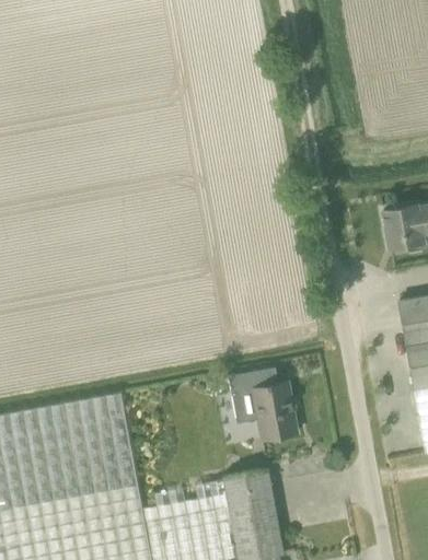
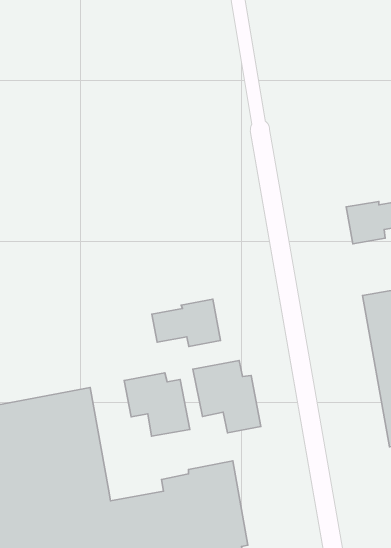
building: none -> [152,299,221,347]
building: none -> [124,373,190,436]

